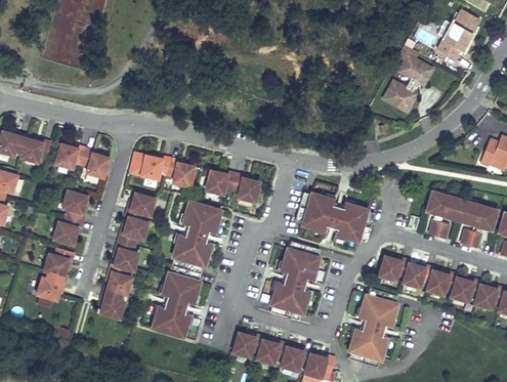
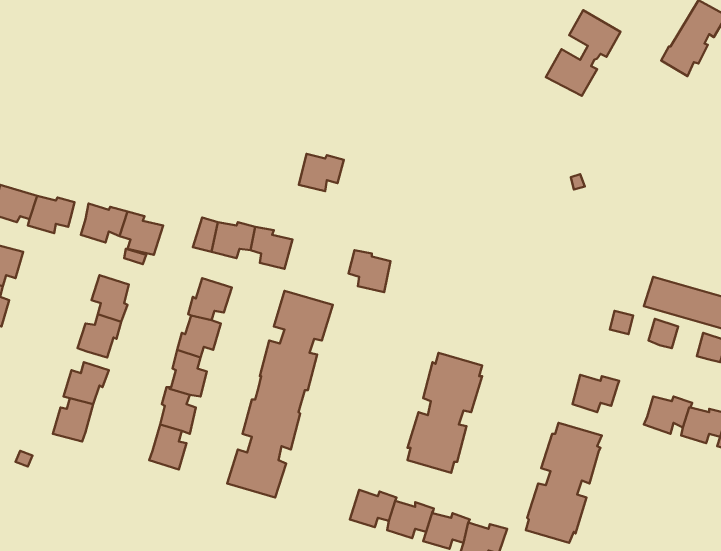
building: [383,54,432,111] -> [546,10,621,96]
building: [206,170,236,195] -> [299,154,344,191]
building: [295,193,375,242] -> none
building: [403,263,433,288] -> none

